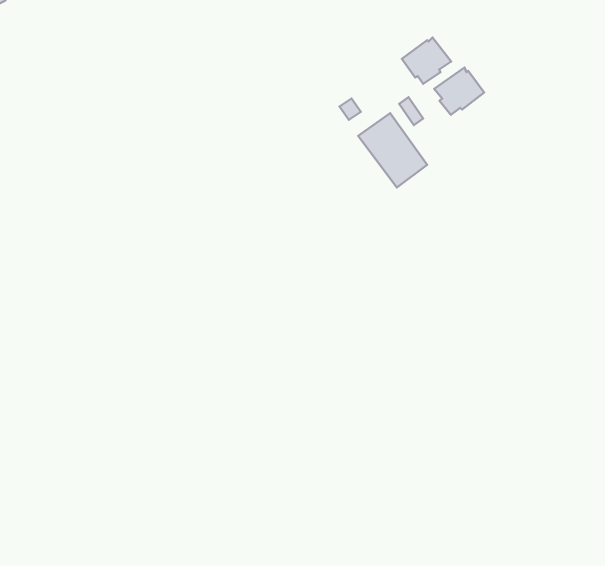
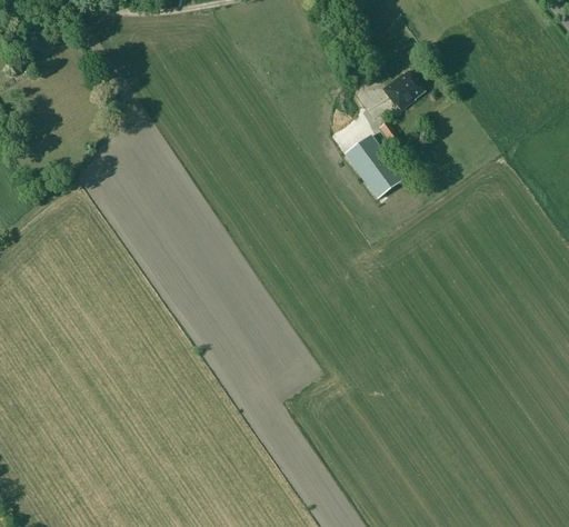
building: [434,68,484,115] -> none

